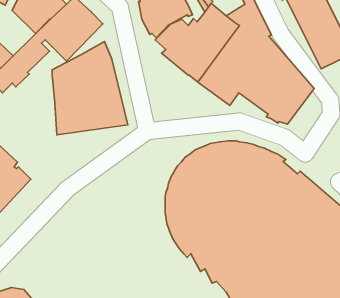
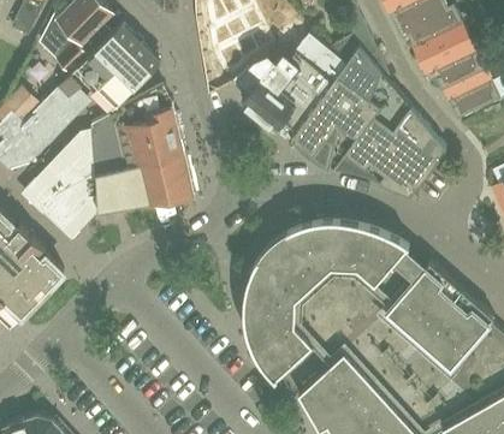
building: none -> [29,132,96,242]

